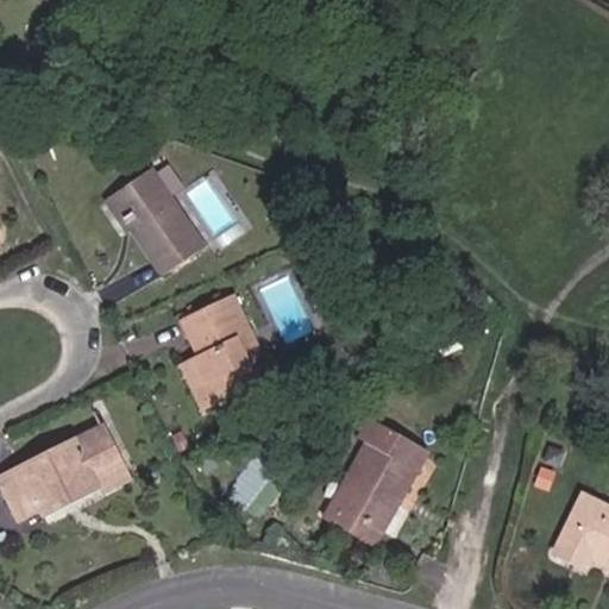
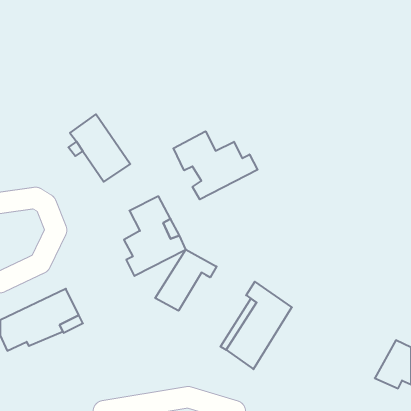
building: none -> [173,131,258,199]
building: none -> [155,249,217,311]

